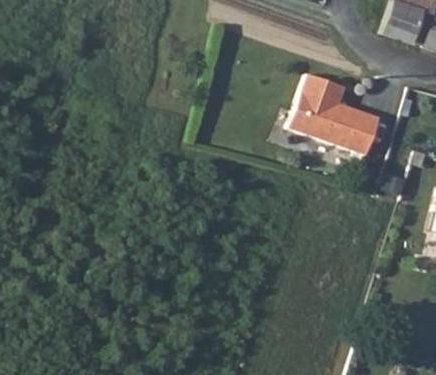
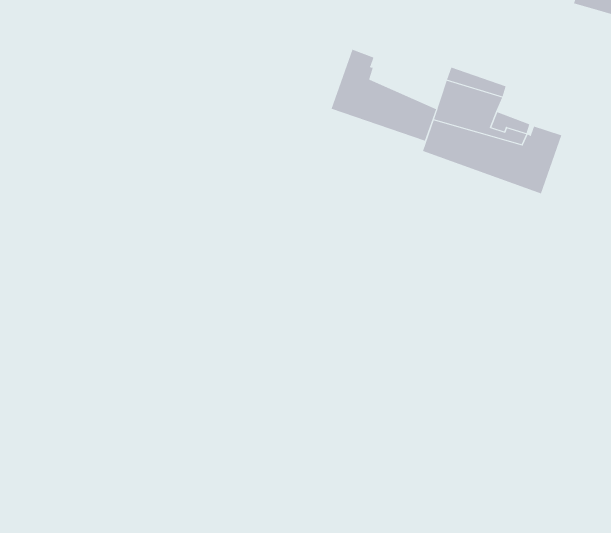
building: none -> [331,49,437,141]

